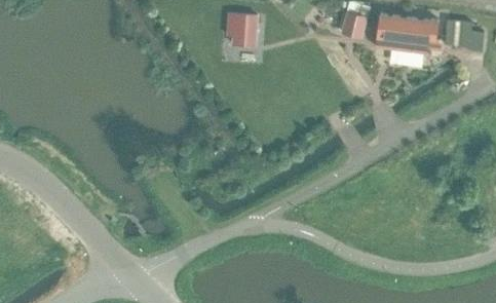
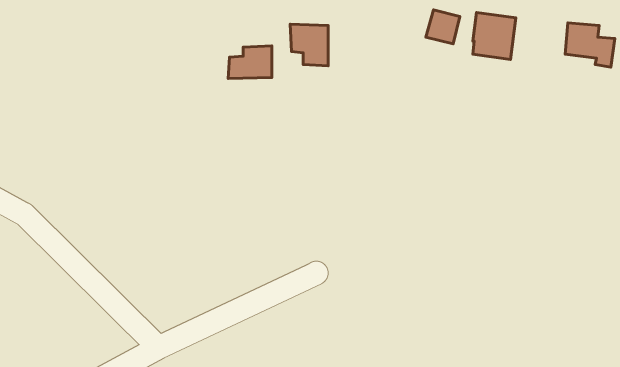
building: [404,16,441,54] -> none
building: none -> [228,46,272,79]

